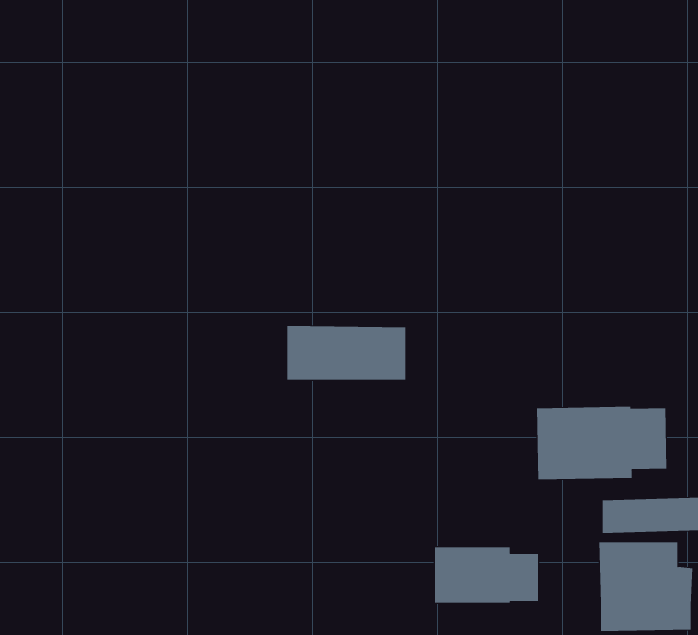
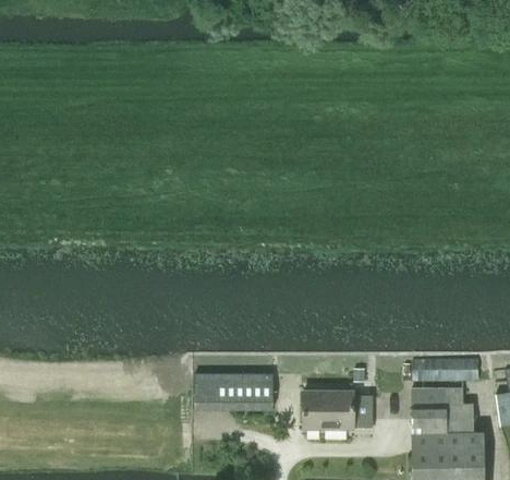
building: [286,325,406,380] -> [194,373,272,409]
building: [537,406,667,480] -> none

